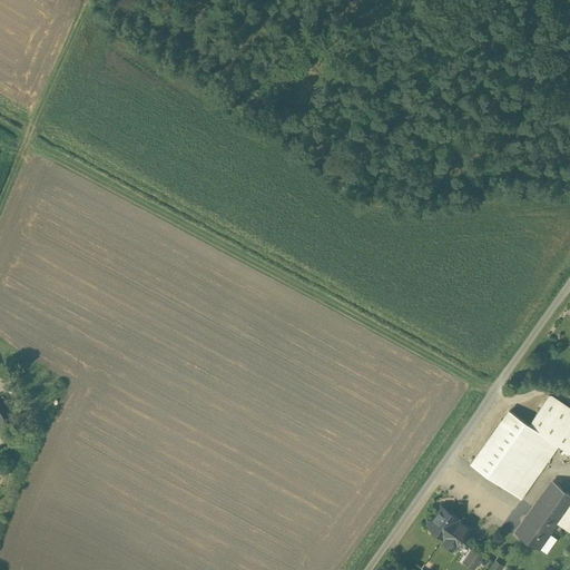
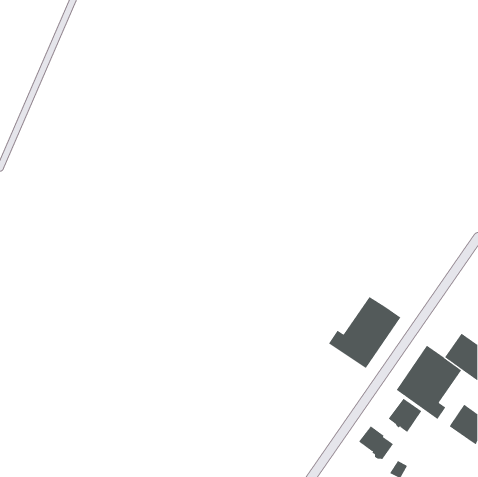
building: none -> [328,296,401,369]
building: [515,507,557,550] -> [388,396,422,433]

